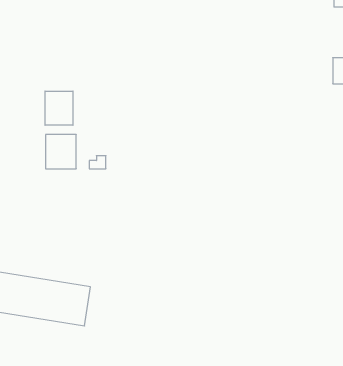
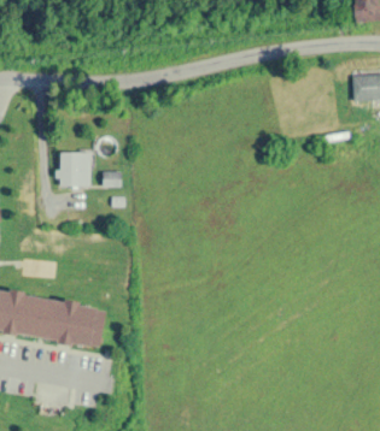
building: [45,91,73,125] -> none

